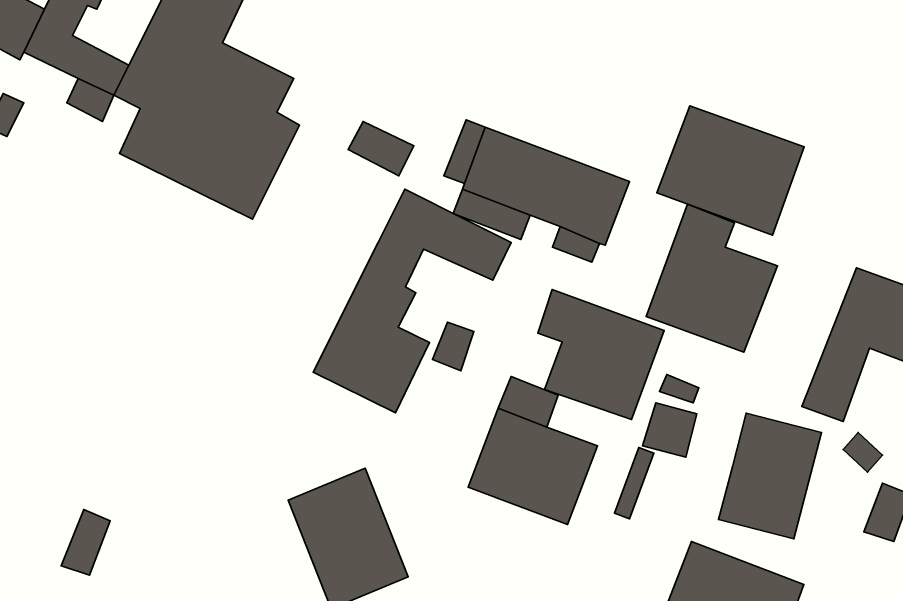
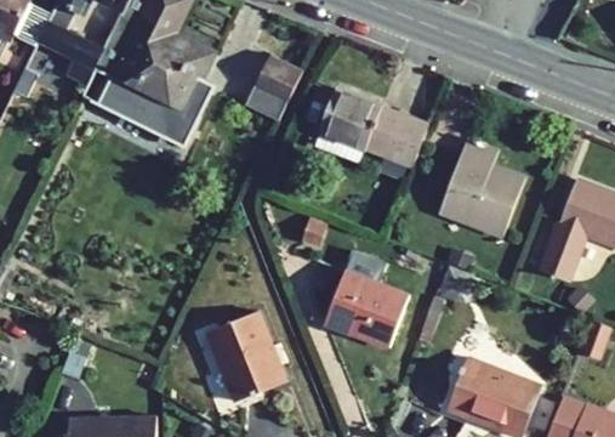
building: none -> [256,56,303,102]
building: [657,106,804,235] -> none
building: [313,189,511,413] -> none
building: [538,290,664,419] -> none
building: [718,413,822,539] -> none

